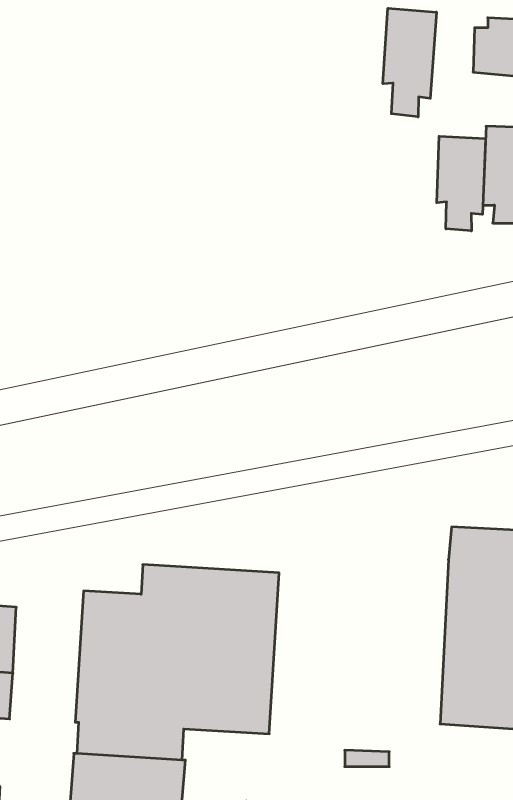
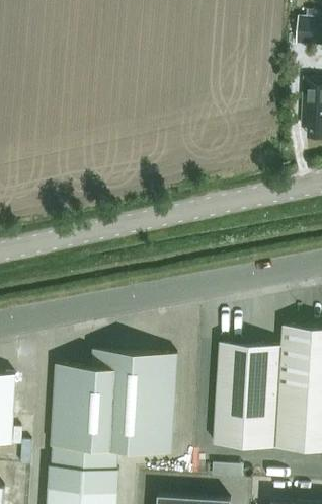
building: [383,8,436,117] -> none
building: [437,136,486,231] -> none
building: none -> [213,344,280,449]

